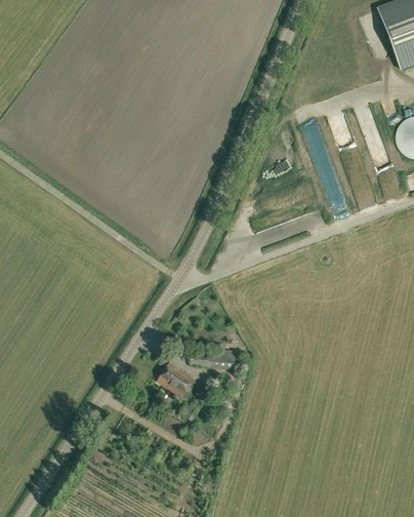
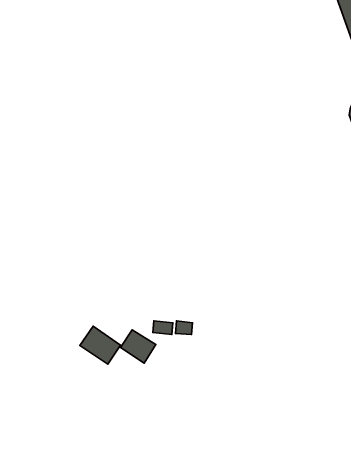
building: none -> [80,326,120,364]

